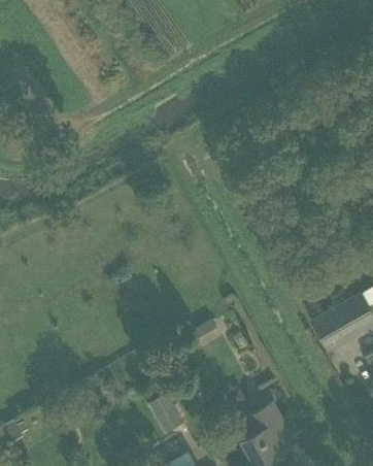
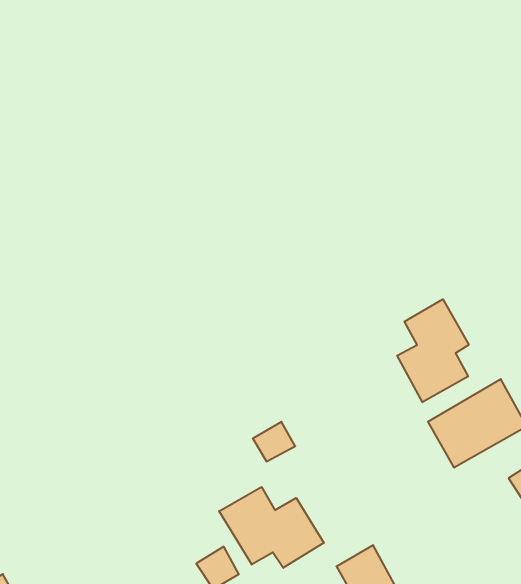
building: none -> [397,299,469,402]
building: none -> [219,487,324,568]

